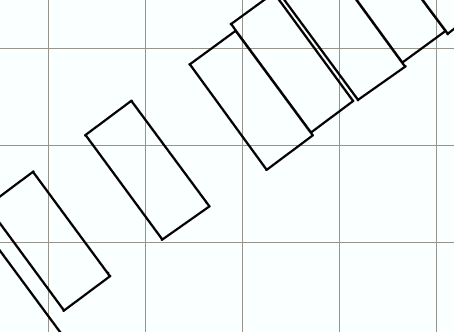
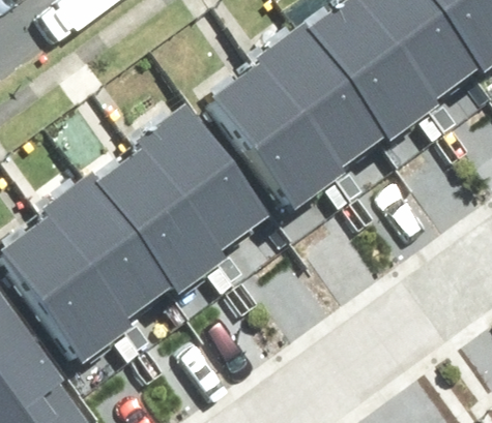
building: none -> [141,103,270,249]
building: none -> [37,177,167,324]

